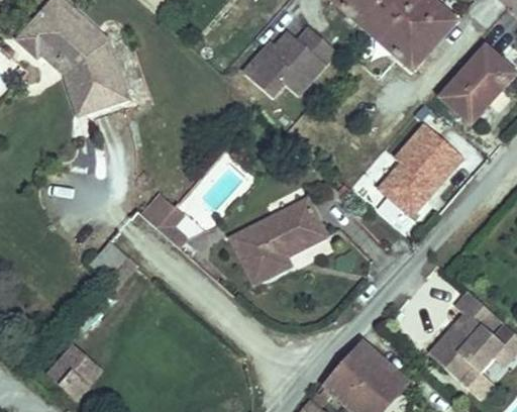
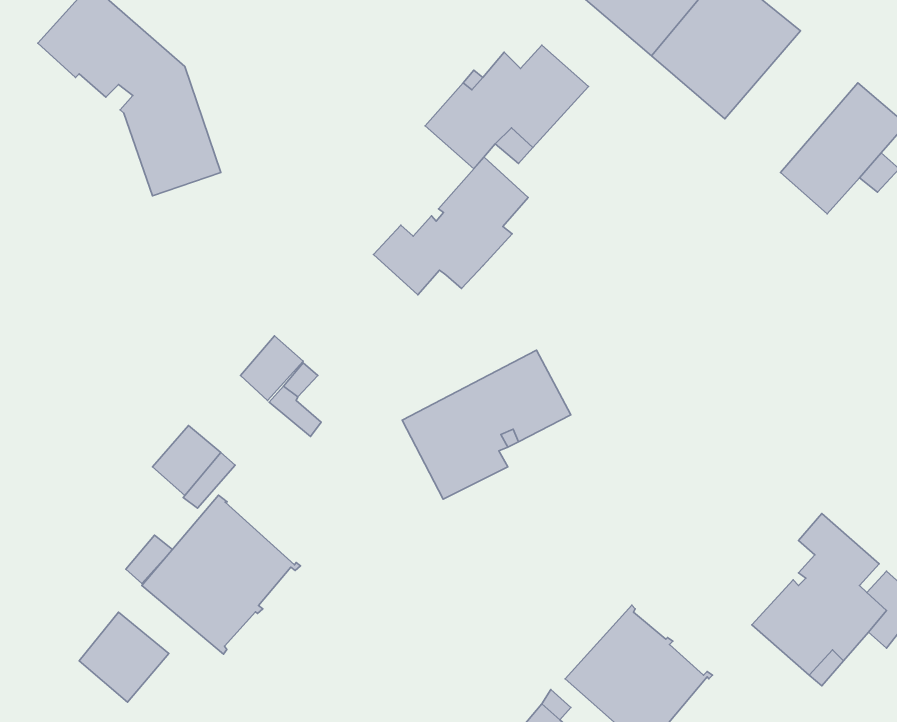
building: [15,26,91,116] -> none
building: none -> [374,157,528,295]
building: [380,122,463,215] -> none
building: none -> [142,495,301,654]

